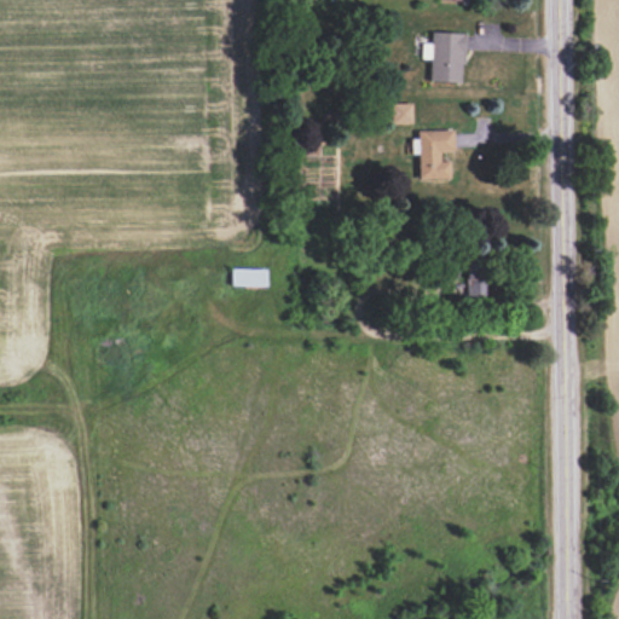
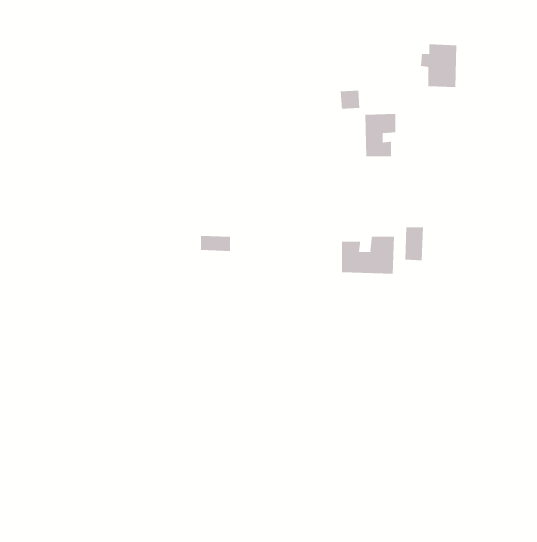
building: [424,33,467,82] -> [420,44,457,87]
building: none -> [341,236,395,274]

